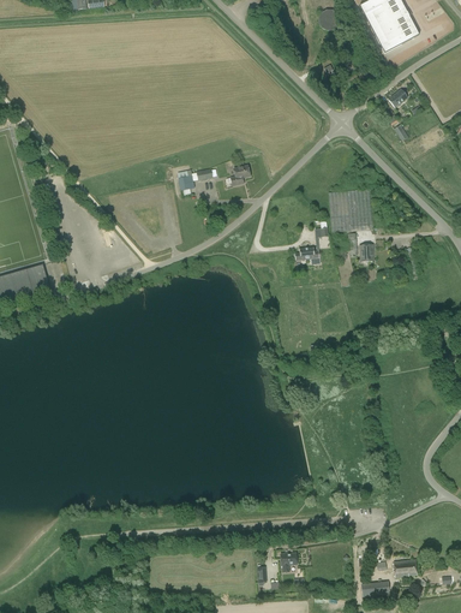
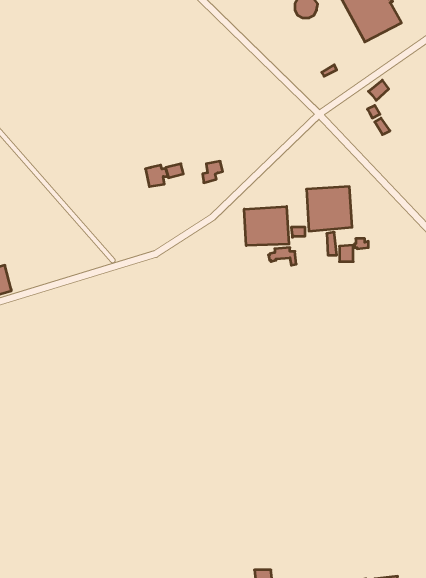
building: none -> [244,206,289,246]

